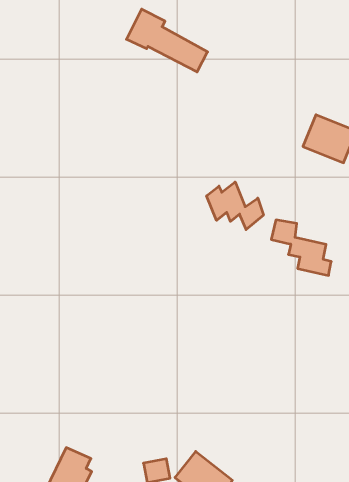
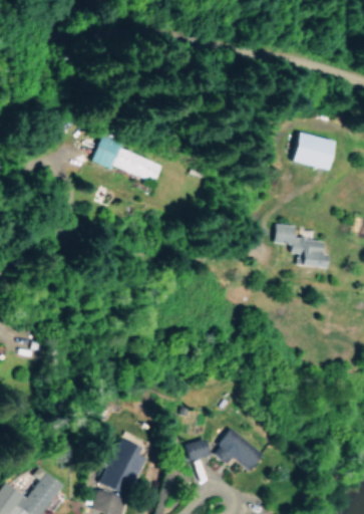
building: [126,9,208,72] -> [92,135,162,183]
building: [207,182,263,230] -> none

